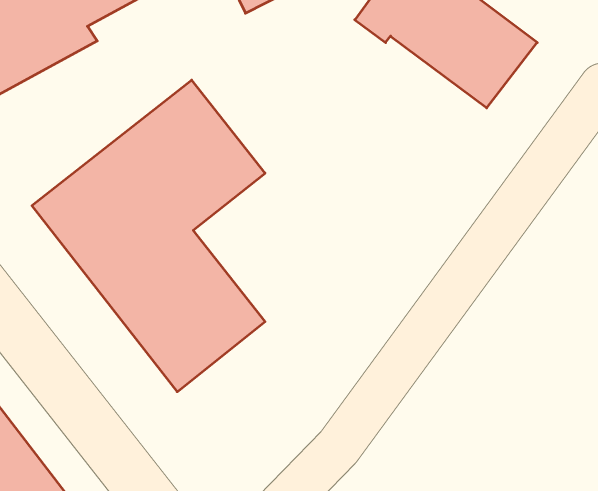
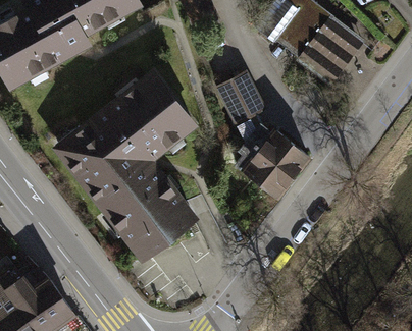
building: none -> [212,70,262,122]
building: none -> [231,123,310,201]

